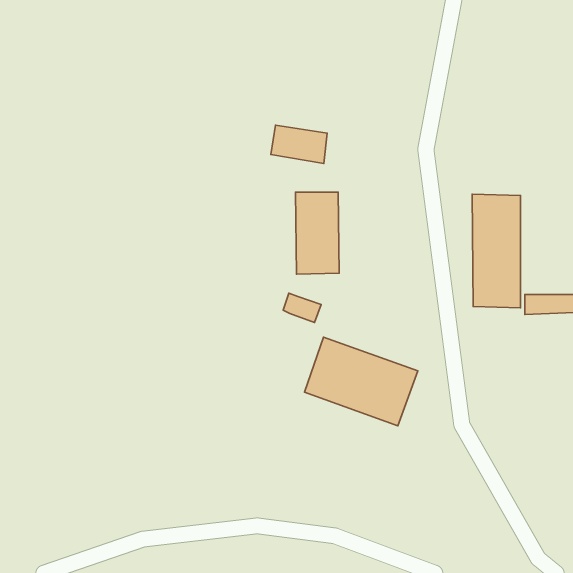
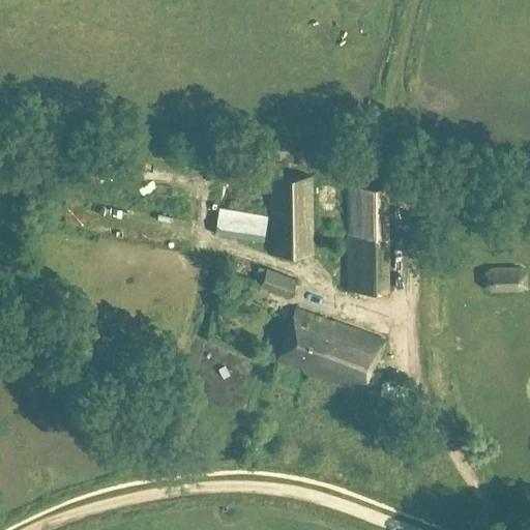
building: [271,125,327,163] -> [217,207,269,242]
building: [472,194,520,308] -> [347,185,391,290]

